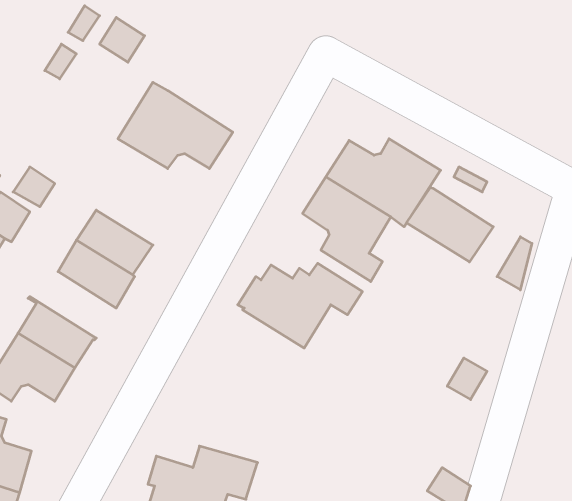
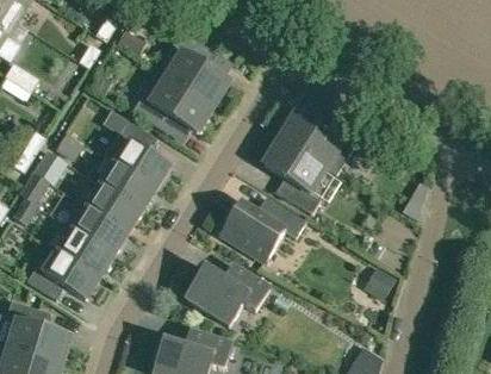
building: none -> [167,30,230,106]
building: none -> [116,119,170,187]
building: [407,187,493,262] -> none
building: none -> [68,198,130,254]
building: none -> [186,264,269,325]

